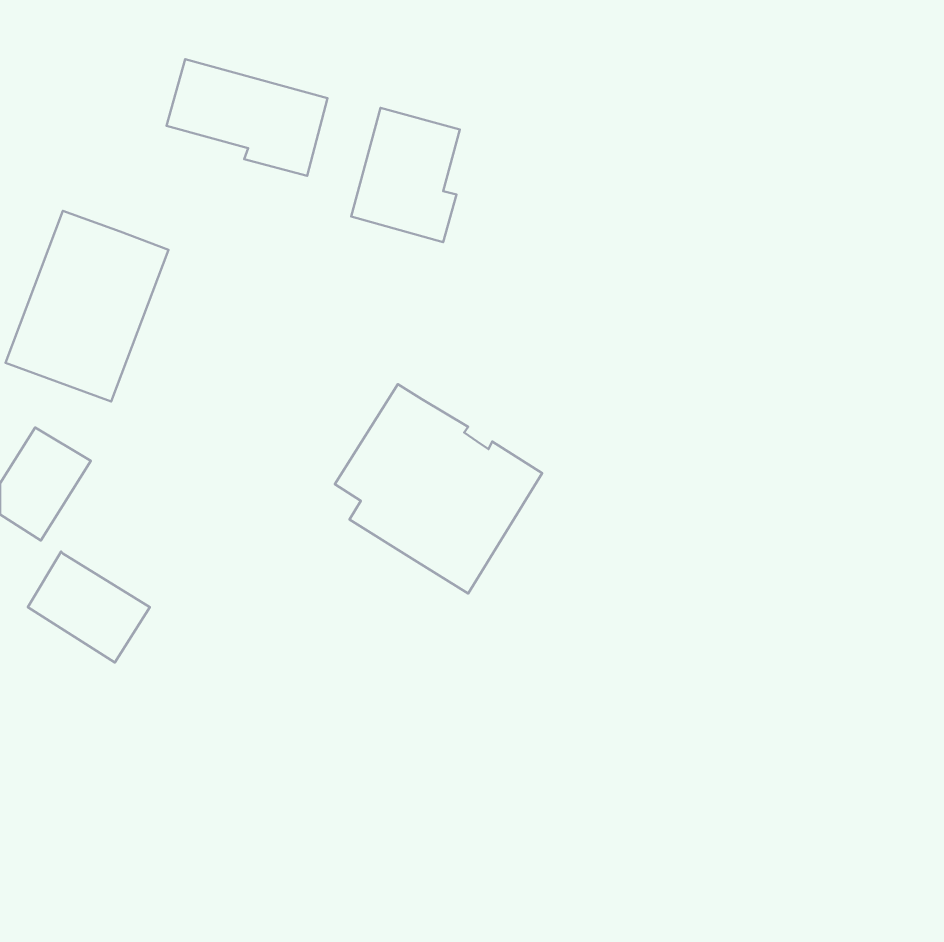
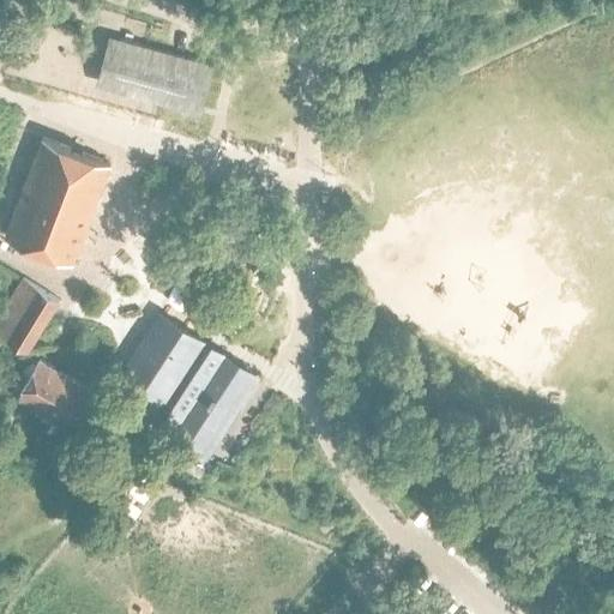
building: [351,108,460,242] -> none
building: [335,384,542,593] -> [119,321,253,457]

